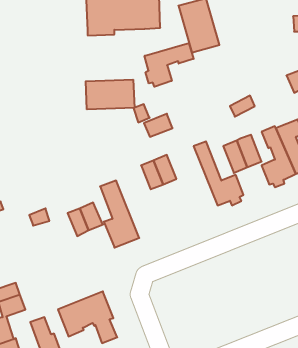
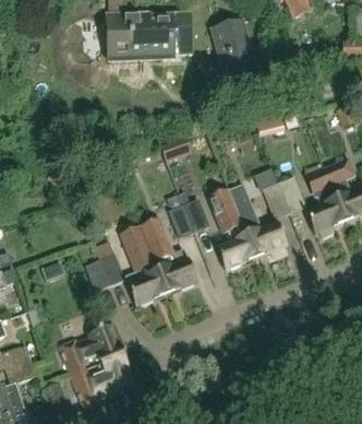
building: [145,43,194,87] -> none
building: [86,80,134,109] -> none
building: none -> [207,188,255,269]
building: none -> [140,219,195,293]
building: none -> [60,323,124,375]

